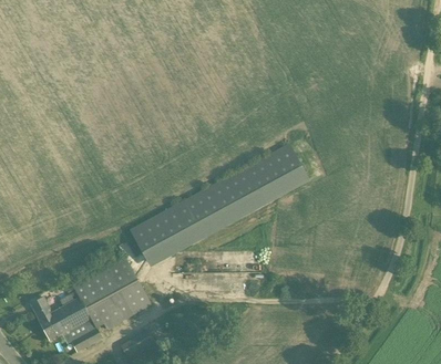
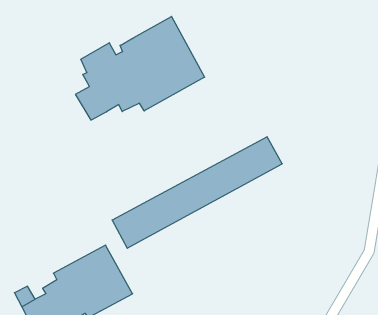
building: none -> [76,16,205,120]

